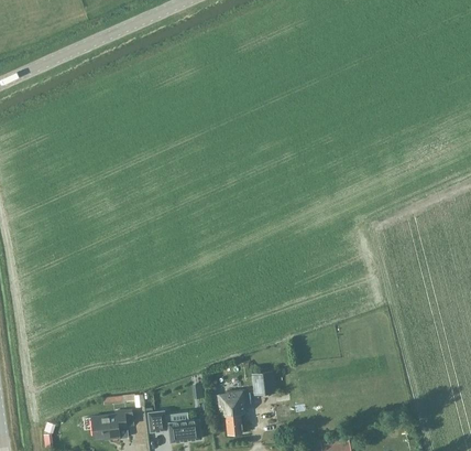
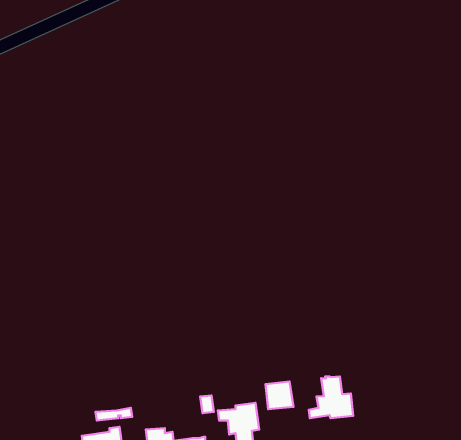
building: none -> [309,376,353,418]

